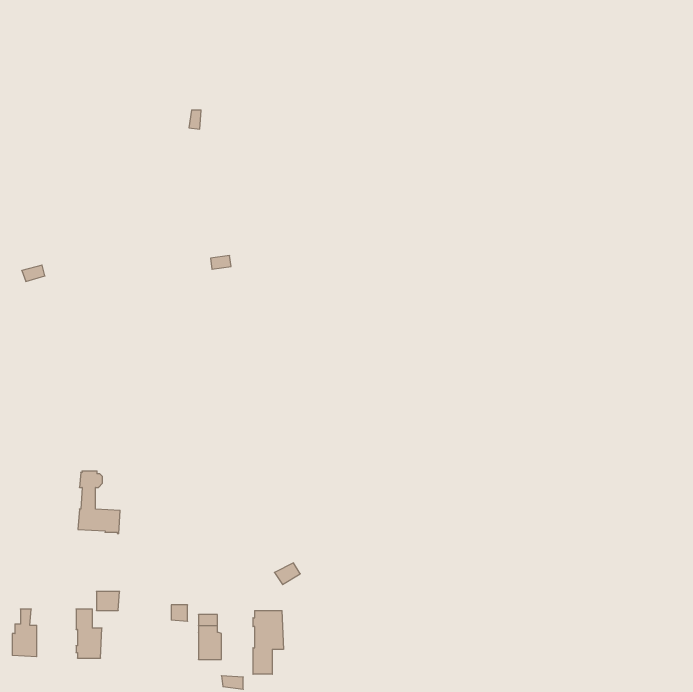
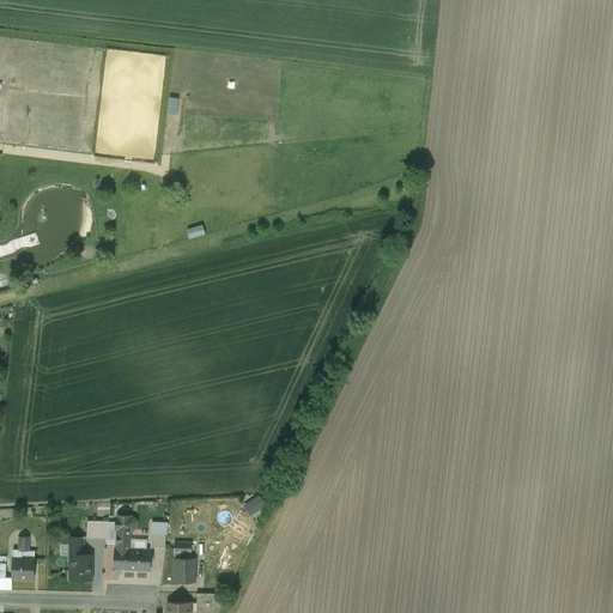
building: [78,471,120,534] -> [113,517,150,572]
building: [253,611,283,674] -> none

